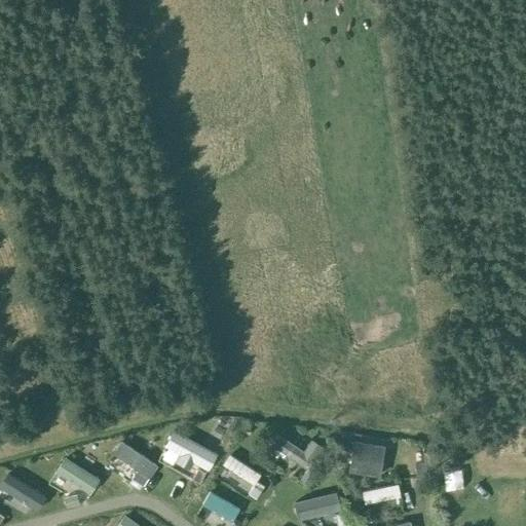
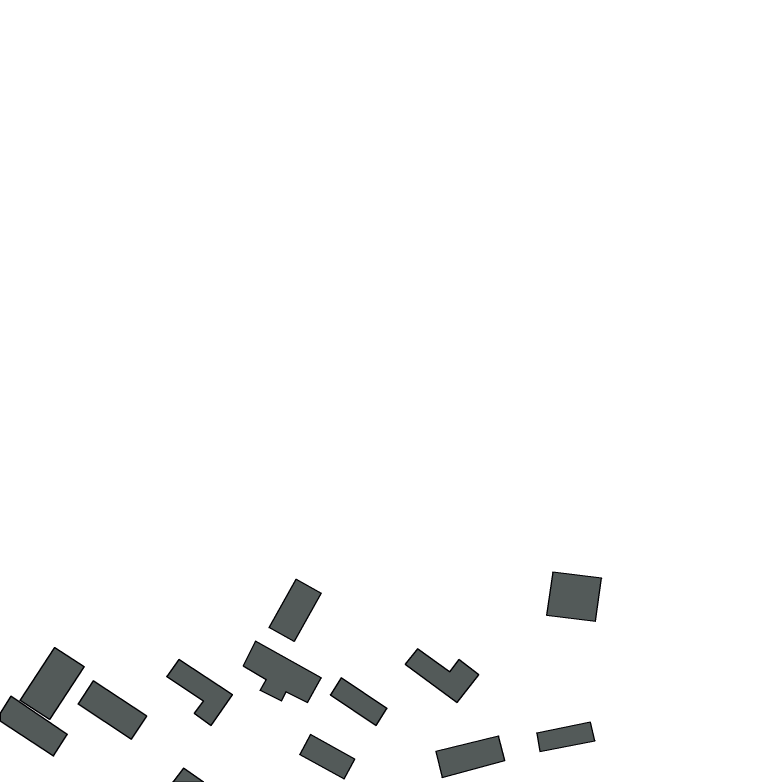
building: none -> [269,579,321,641]
building: none -> [20,648,84,719]
building: [348,444,385,477] -> [547,572,602,621]

